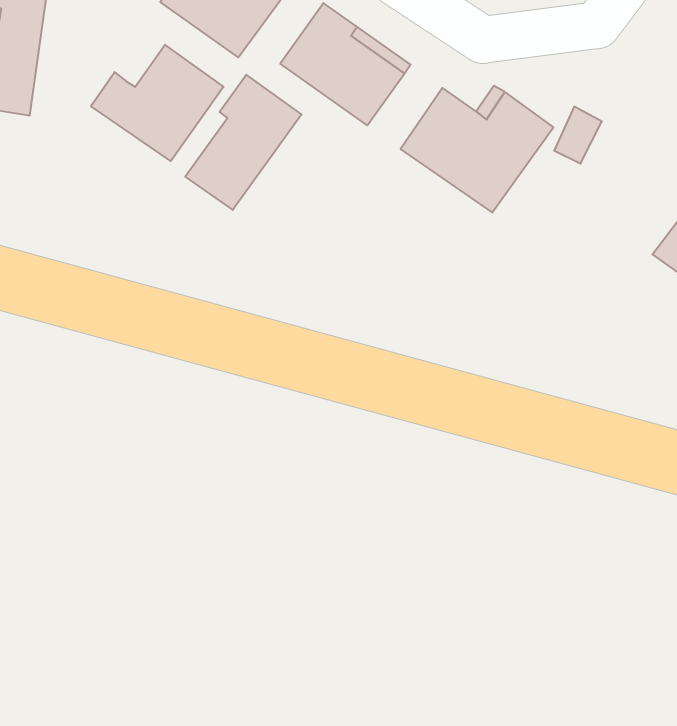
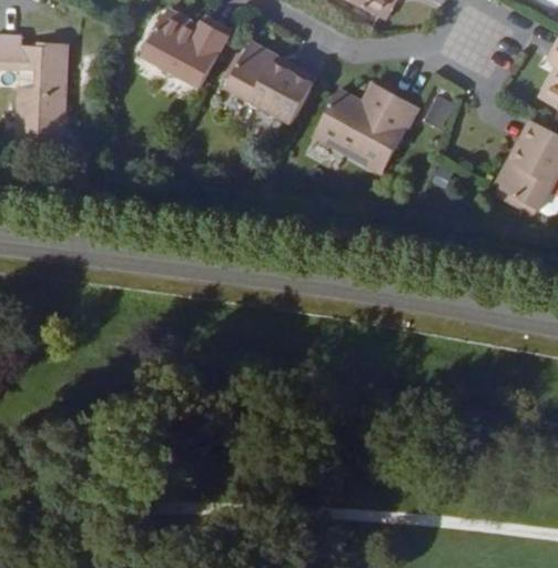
building: [91,45,224,161] -> none
building: [185,75,302,210] -> none

